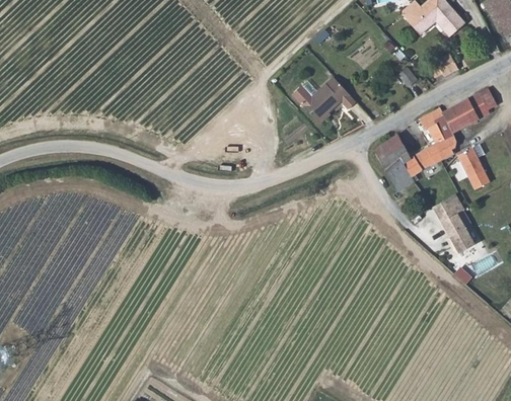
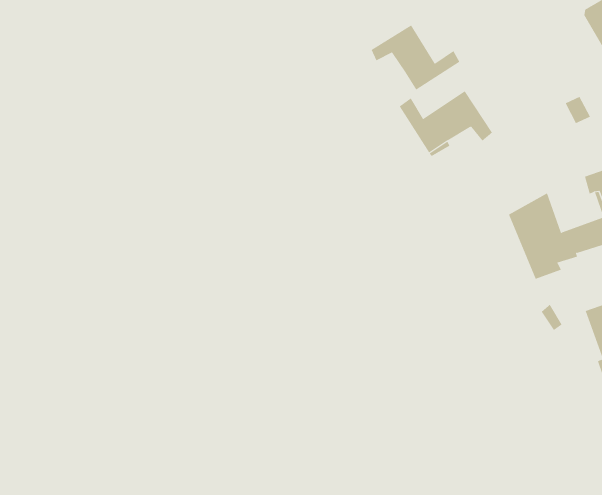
building: none -> [371,24,460,90]

